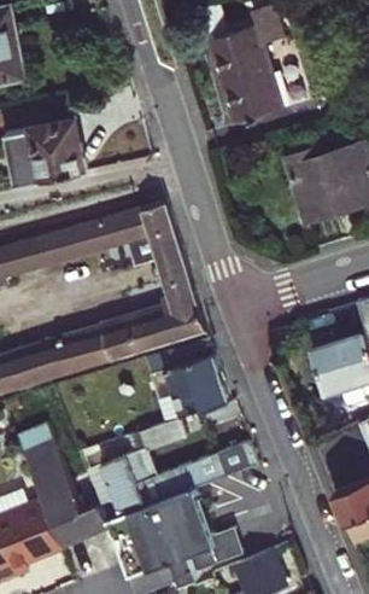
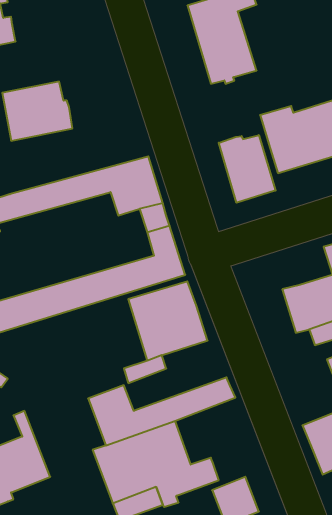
building: none -> [219,135,276,203]
building: [20,438,107,549] -> none

